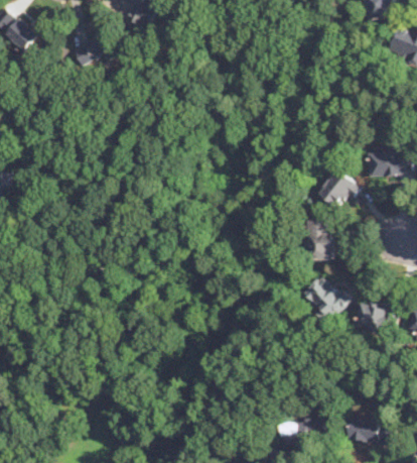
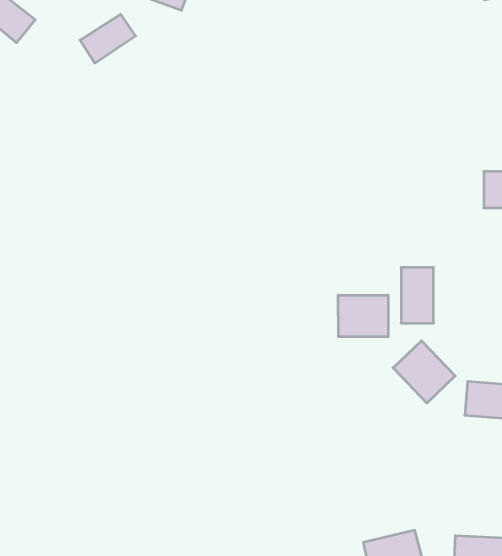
building: [317,167,359,209] -> none
building: none -> [338,295,388,337]

